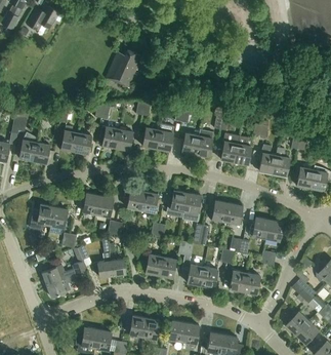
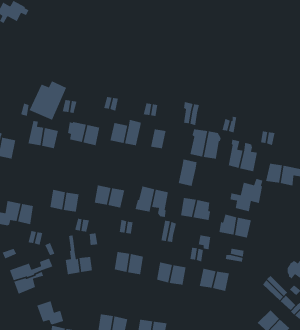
building: [105,48,142,88] -> [29,80,67,121]
building: [194,128,213,156] -> [178,159,198,187]
building: none -> [229,178,263,212]
building: none -> [36,300,64,325]

